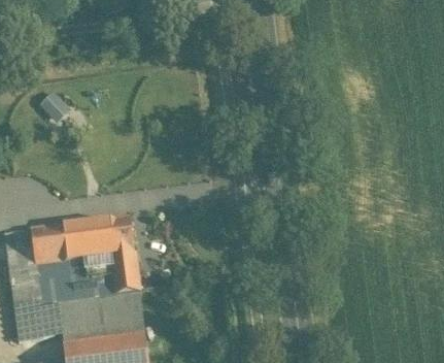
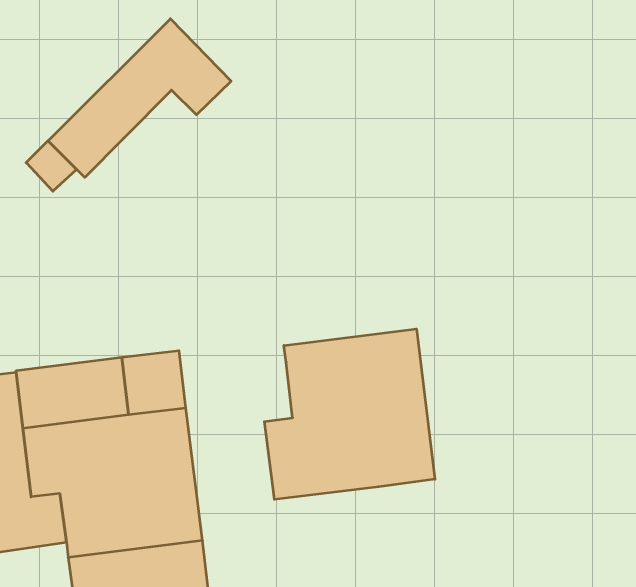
building: none -> [48,19,231,177]
building: none -> [264,329,435,499]

